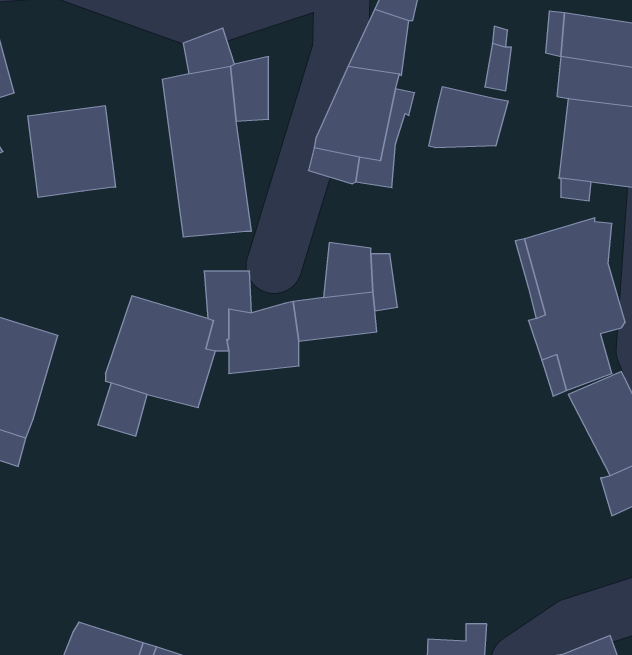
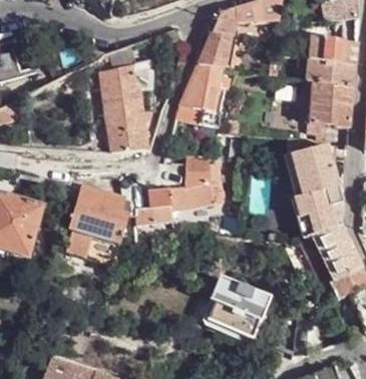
building: [429,87,508,148] -> none
building: [28,106,115,197] -> none
building: none -> [208,277,269,338]

